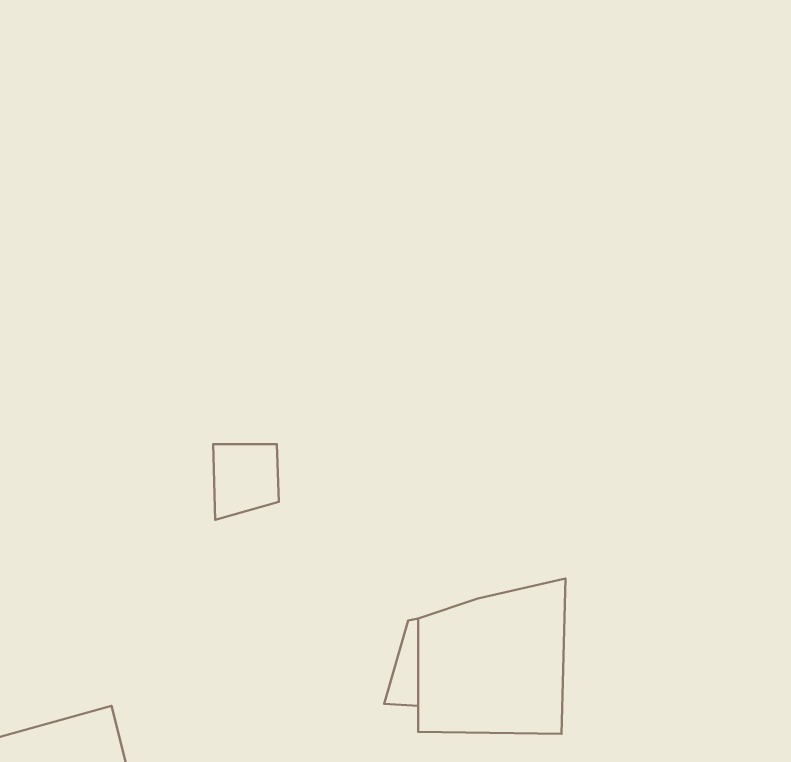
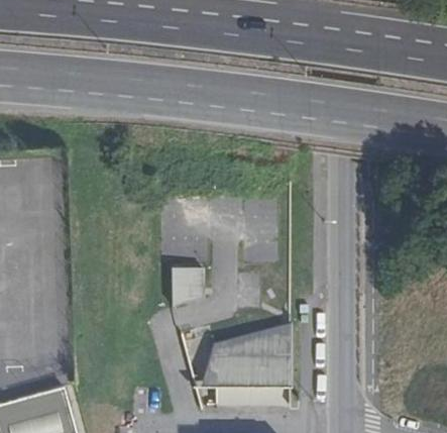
building: [213,444,279,520] -> [171,268,204,307]

